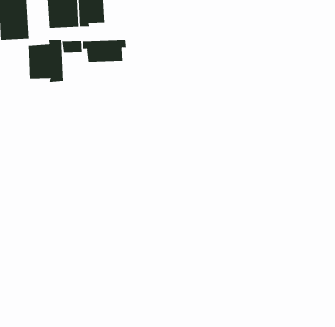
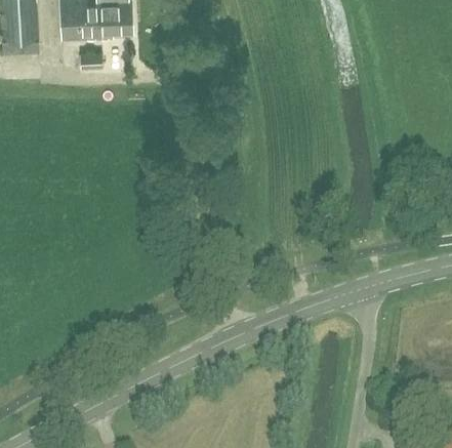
building: [82,39,127,63] -> none
building: [28,39,63,83] -> none

